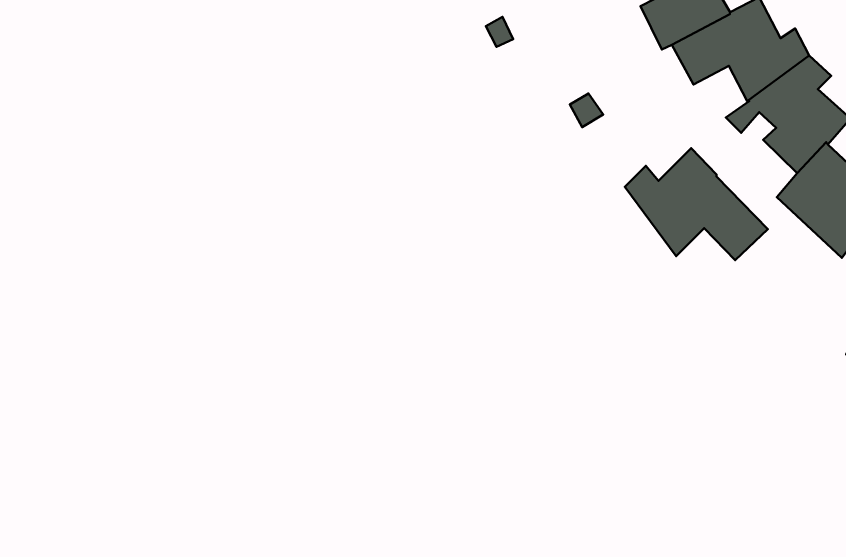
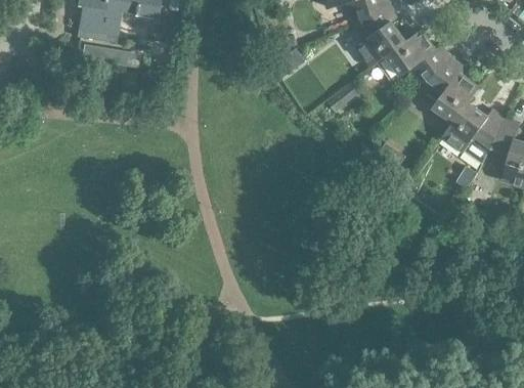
building: [625,148,768,260] -> none

